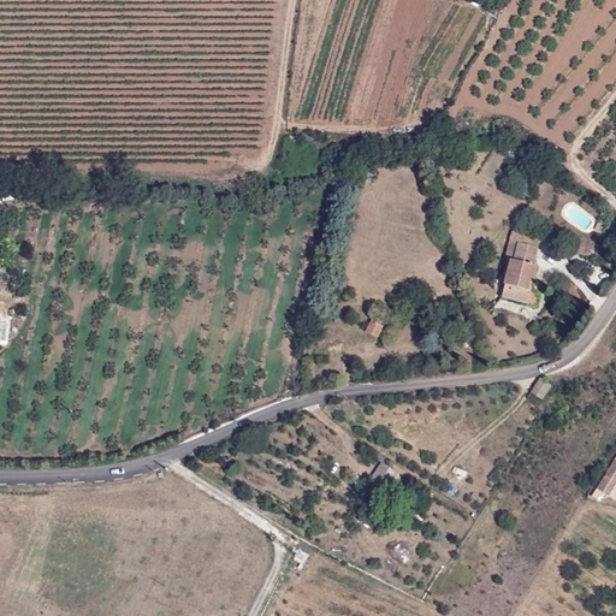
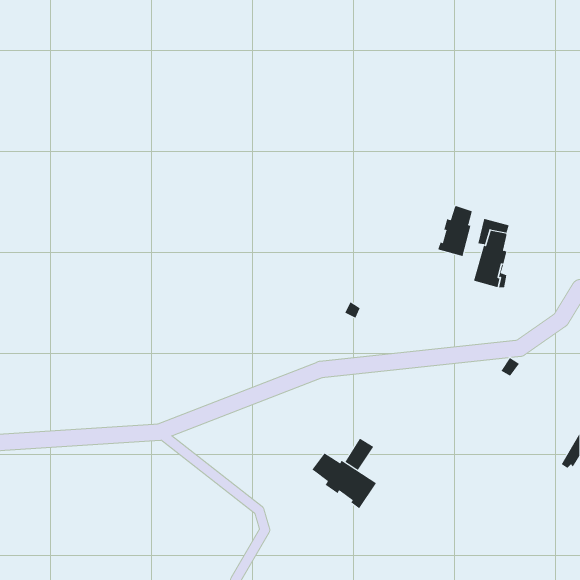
building: none -> [438,205,472,257]
building: none -> [312,453,377,509]

